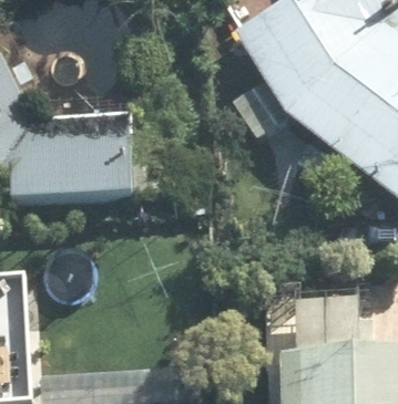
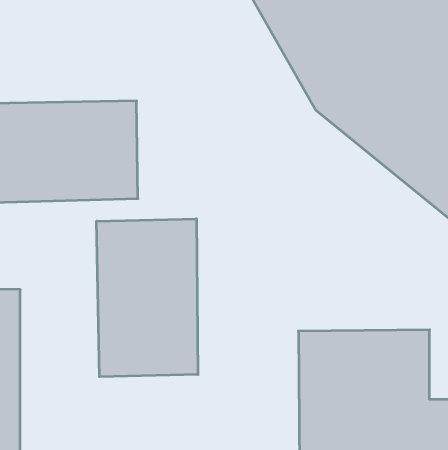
building: none -> [97,219,198,377]

